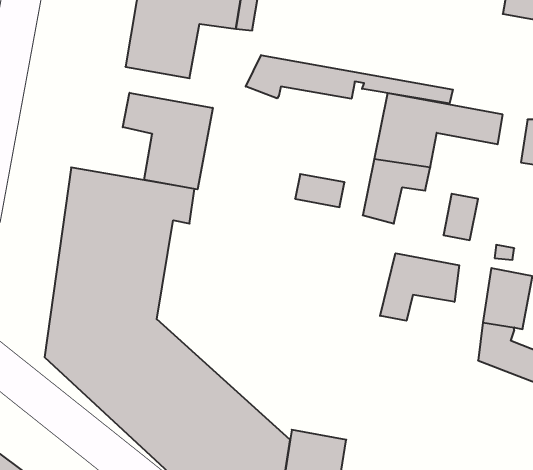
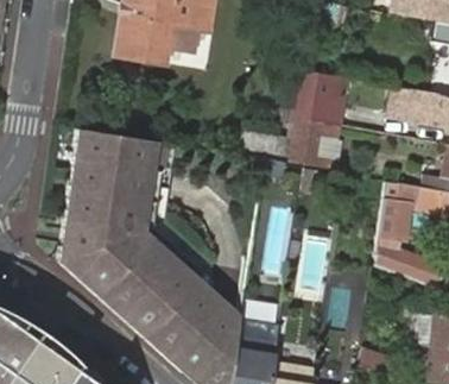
building: [246,55,453,103] -> none
building: [123,93,213,189] -> none
building: [380,253,459,321] -> none

